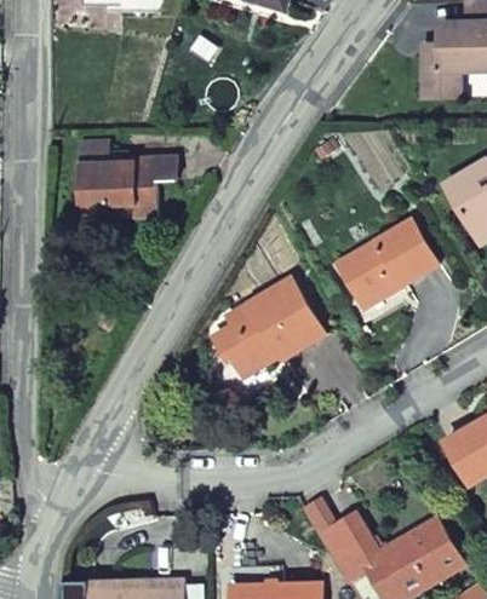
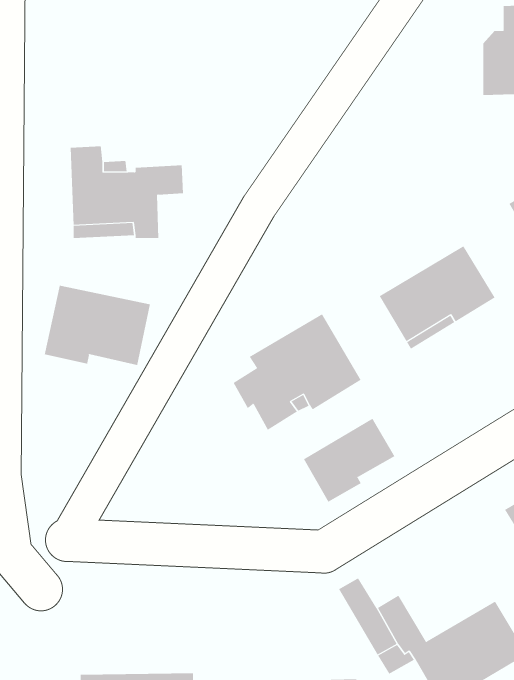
building: none -> [44,285,150,366]
building: none -> [303,418,395,503]

